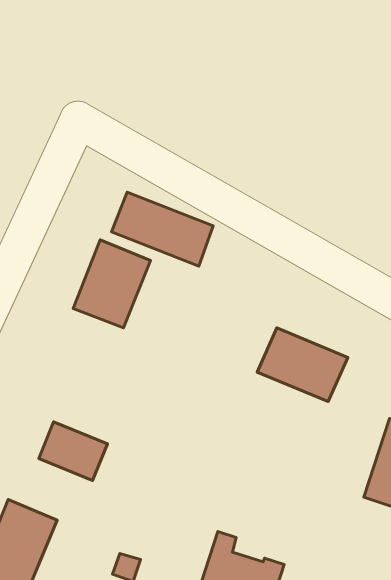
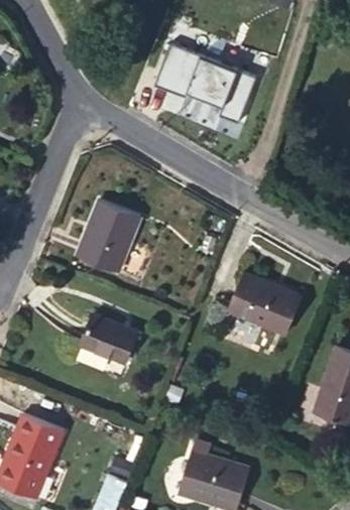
building: none -> [155,45,253,124]
building: [111,192,213,266] -> none
building: [39,422,107,481] -> [80,314,136,363]

